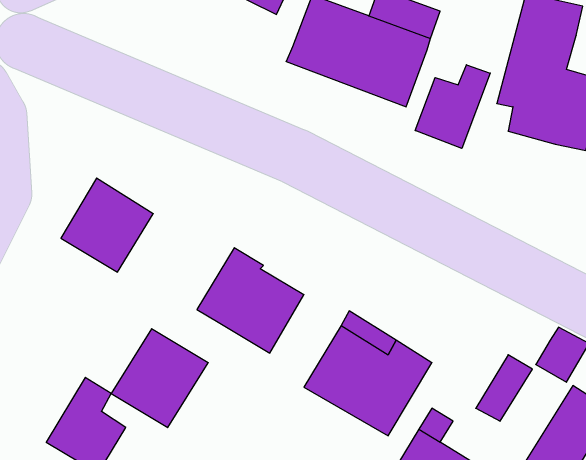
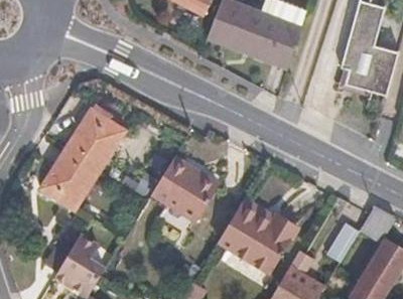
building: [415,65,490,148] -> none
building: [111,329,208,428] -> [41,149,102,210]

